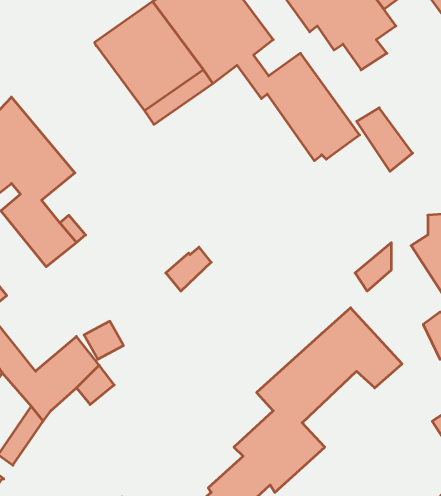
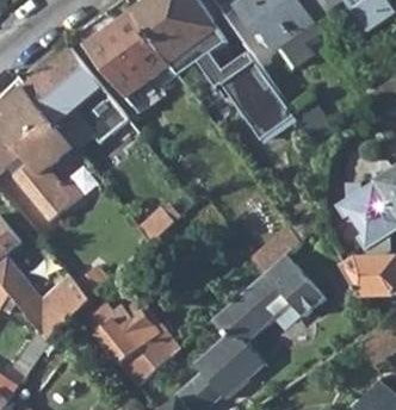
building: none -> [21,46,128,149]
building: none -> [95,306,179,387]

